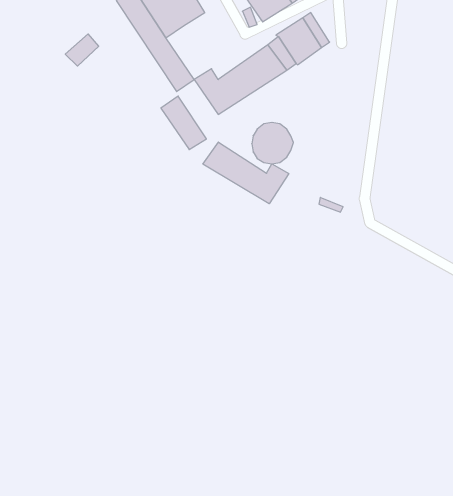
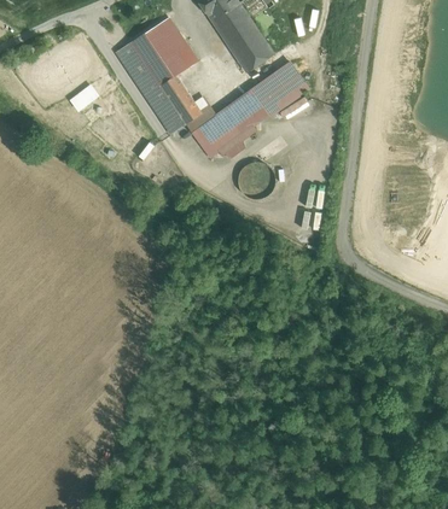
building: [161,96,206,150] -> [159,75,200,123]
building: [203,142,289,204] -> none

